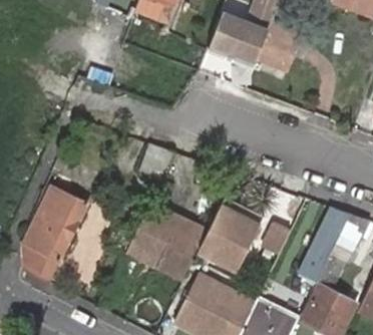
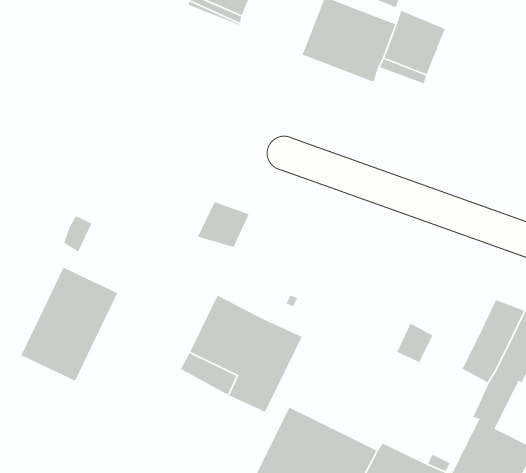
building: [195,193,259,271] -> none
building: [21,241,60,282] -> none

